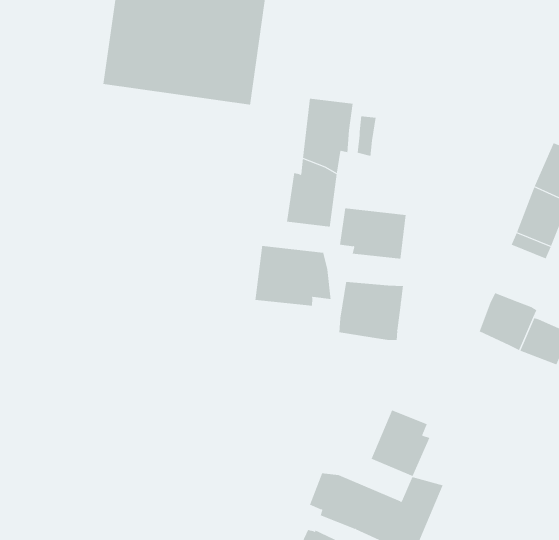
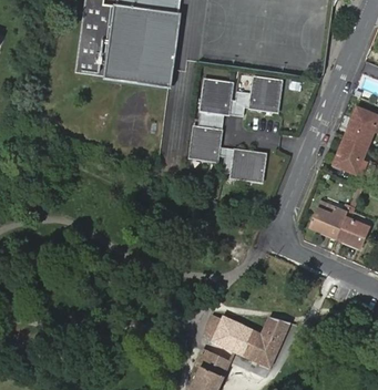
building: none -> [249,75,280,110]
building: [255,245,331,307] -> none
building: [339,281,403,341] -> none
building: [371,410,430,477] -> none

